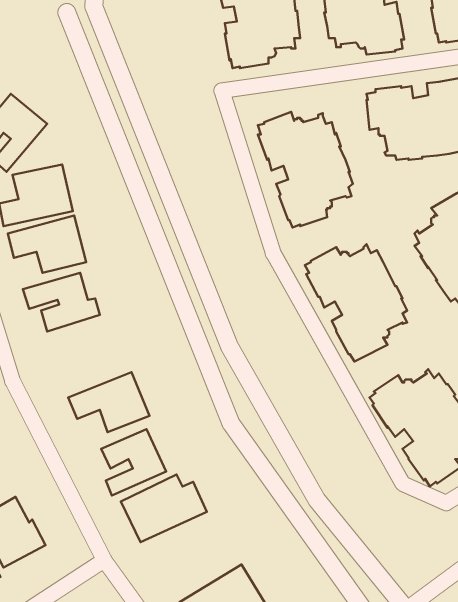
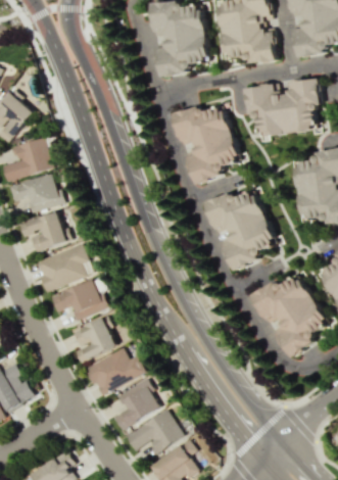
building: none -> [35,245,92,292]
building: none -> [112,380,160,430]

